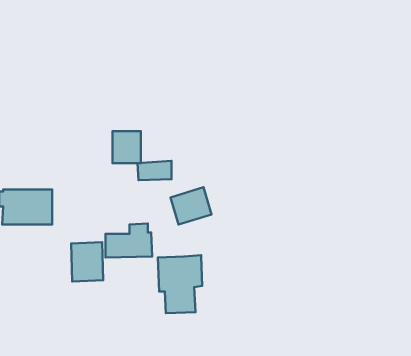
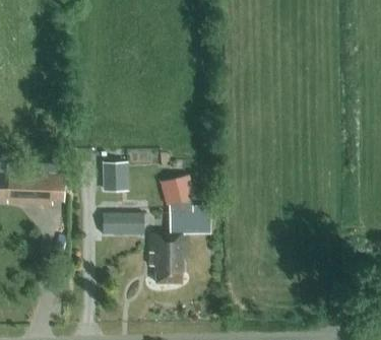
building: [112,131,141,163] -> [103,164,128,193]
building: none -> [170,206,210,234]
building: [71,242,103,282] -> none

